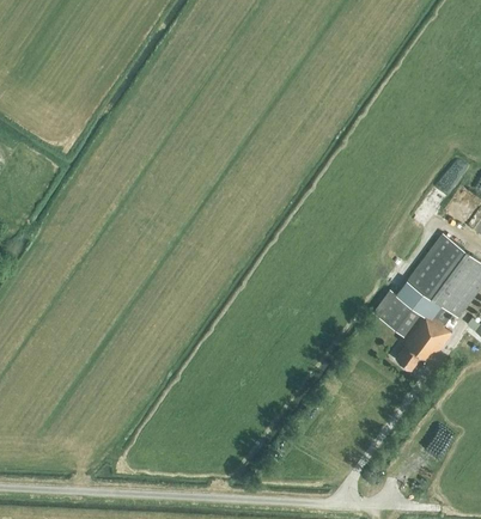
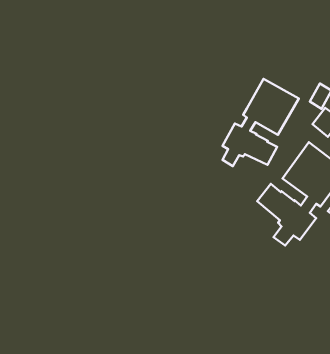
building: none -> [222,79,299,166]

